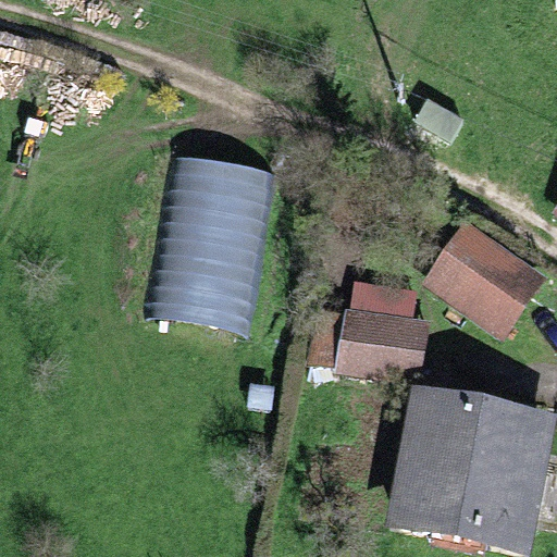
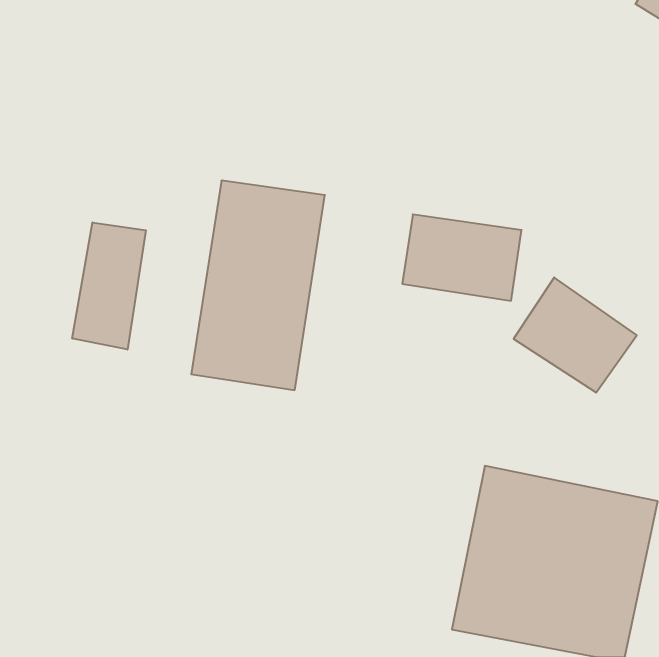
building: none -> [72,222,146,350]
building: [334,304,433,375] -> [402,214,522,301]

